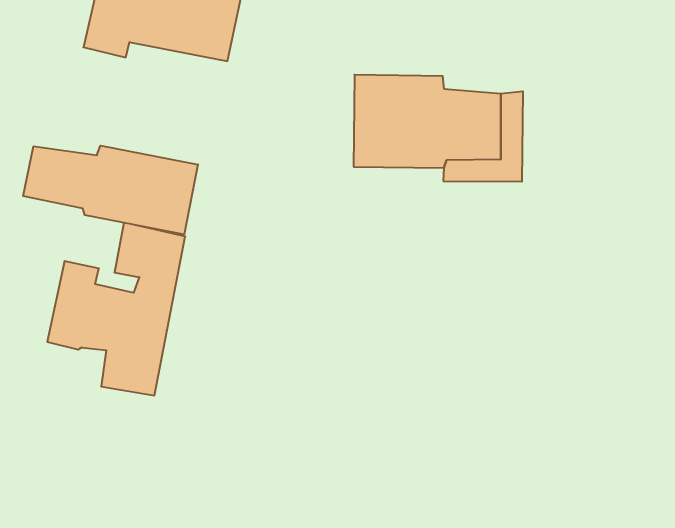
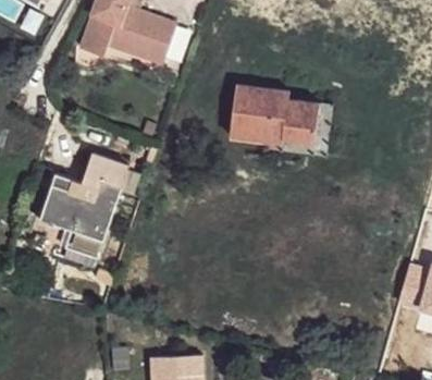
building: [23,146,198,234] -> none

